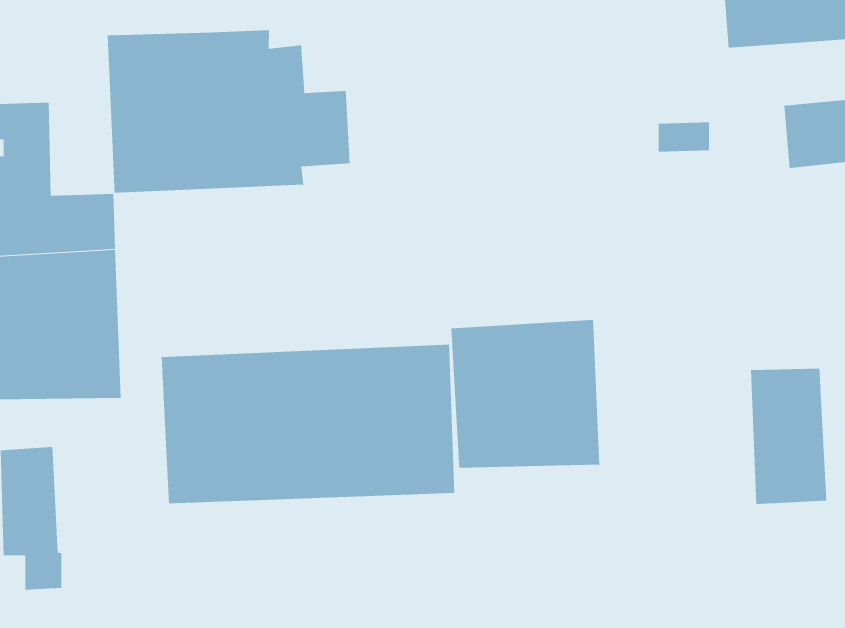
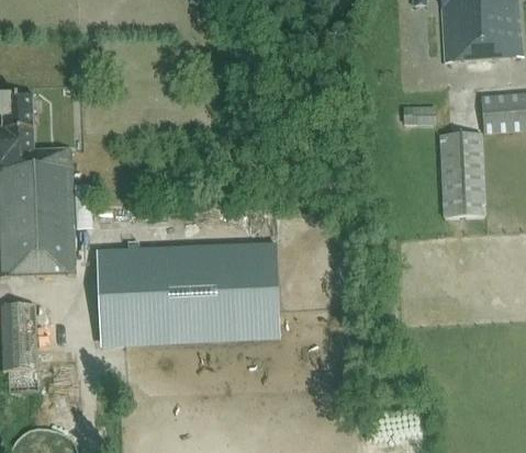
building: [107,30,350,194] -> none
building: [451,319,600,469] -> none
building: [750,368,827,504] -> [439,134,486,217]

